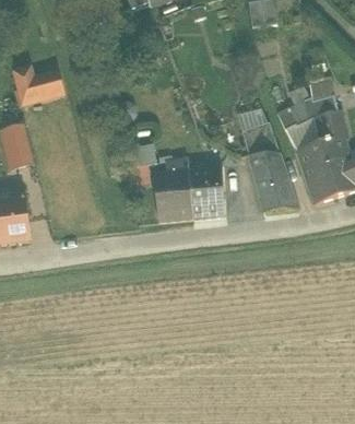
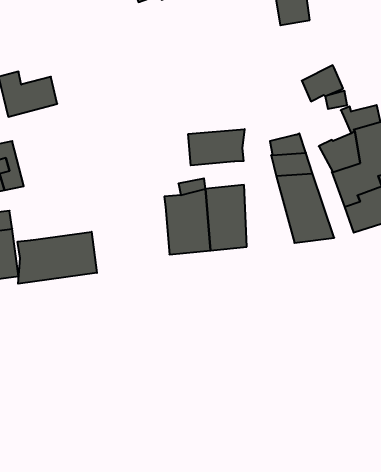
building: [276,98,311,129] -> [302,65,343,101]
building: none -> [188,129,245,165]
building: none -> [18,232,97,284]

